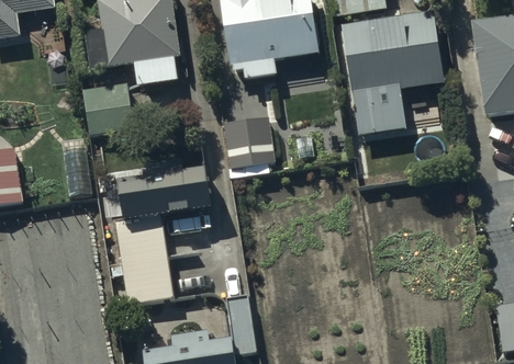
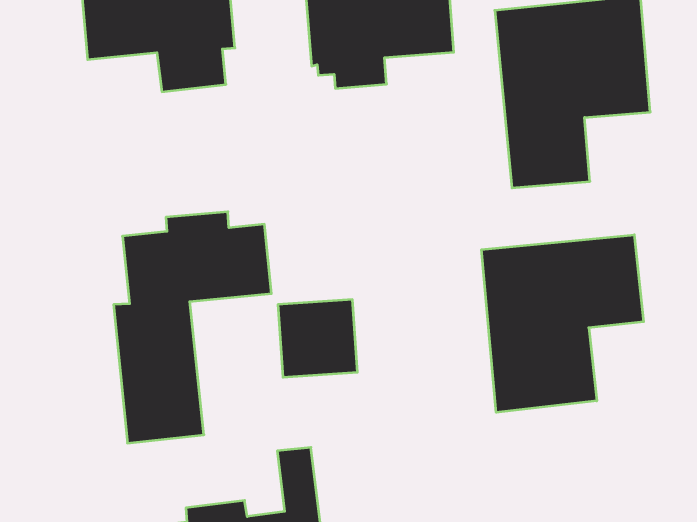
building: [83,82,133,136] -> none
building: [224,118,276,169] -> [278,300,357,377]
building: none -> [482,235,644,412]

